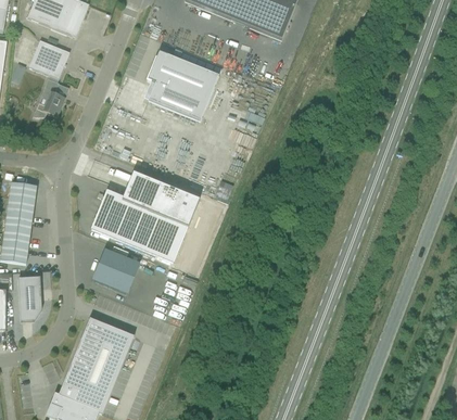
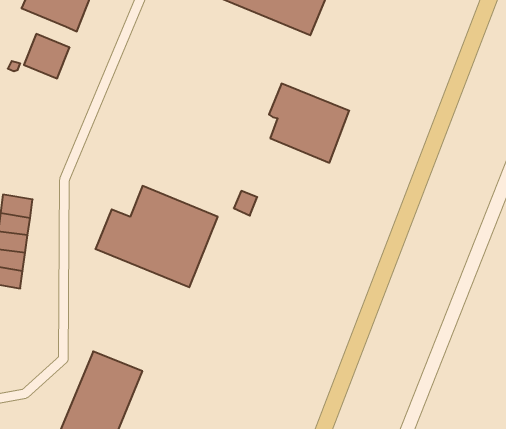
building: [148,51,218,120] -> [269,84,349,163]
building: [33,77,65,116] -> none
building: [92,249,139,293] -> none
building: [18,276,41,320] -> none

